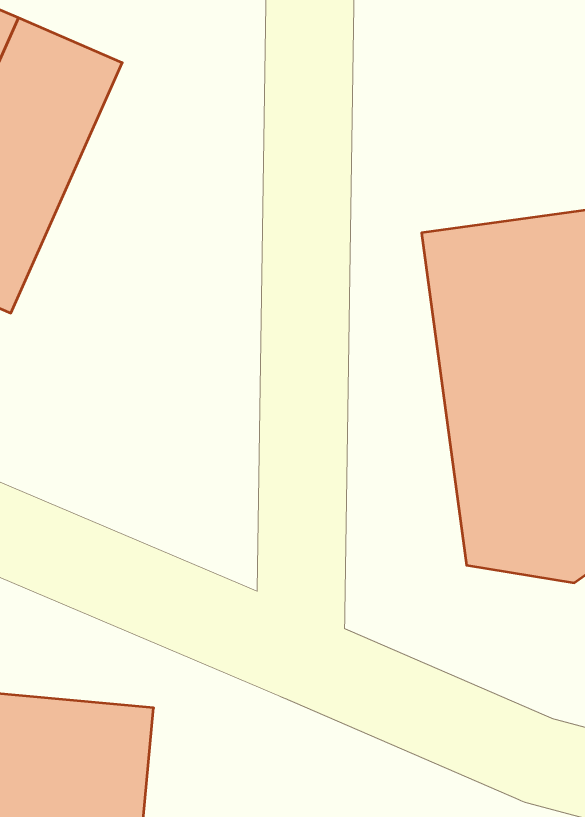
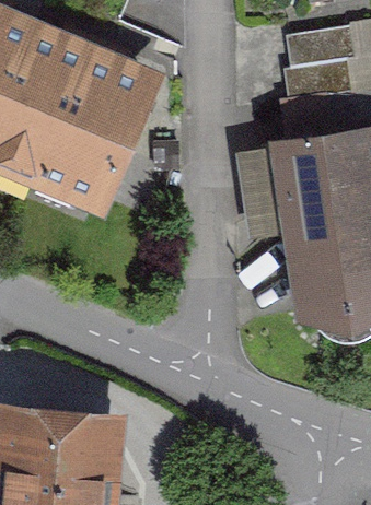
building: none -> [280,25,352,97]
building: none -> [38,47,166,216]

